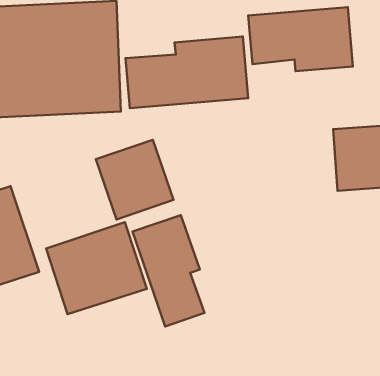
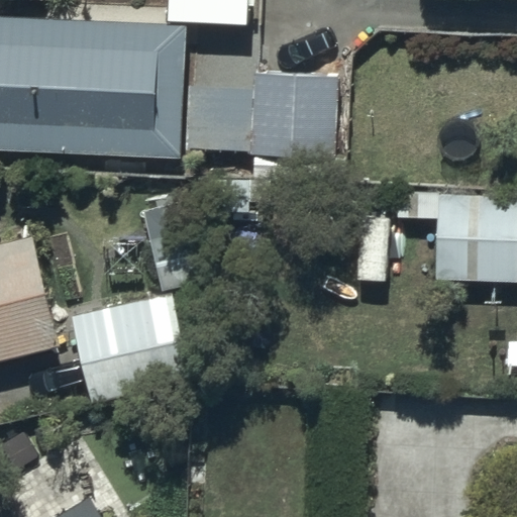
building: [248,7,353,71] -> none
building: [133,215,205,327] -> none

